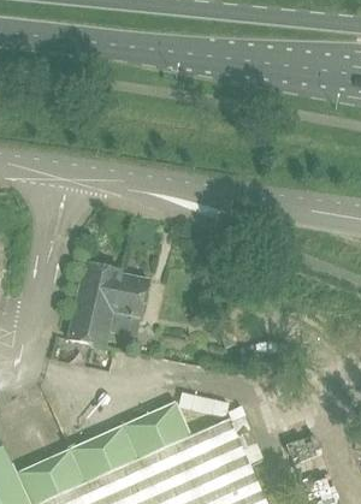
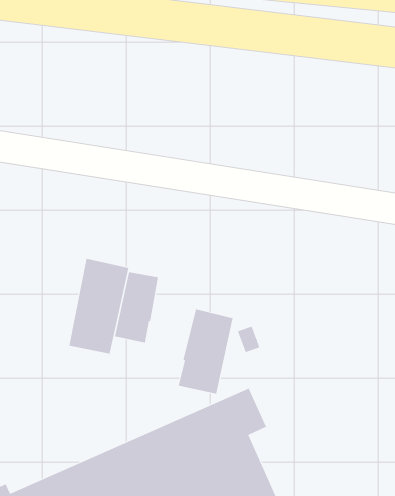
building: none -> [178,308,234,394]

